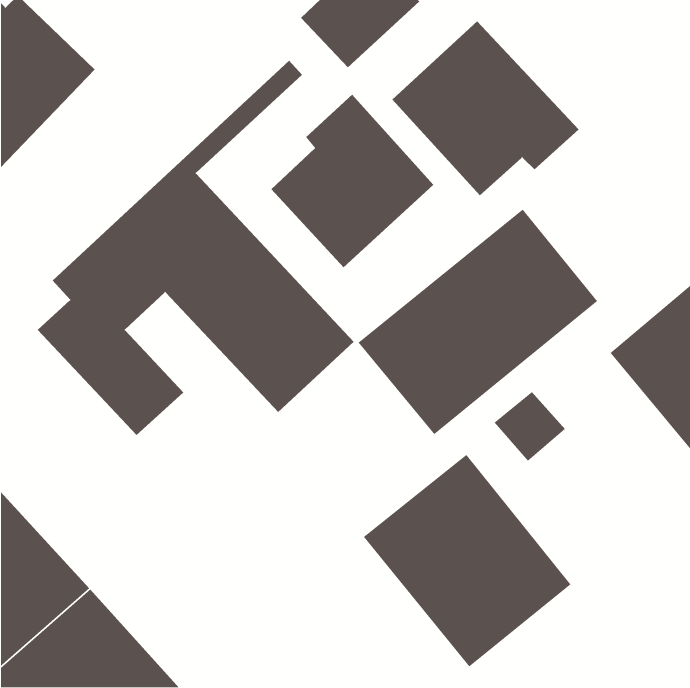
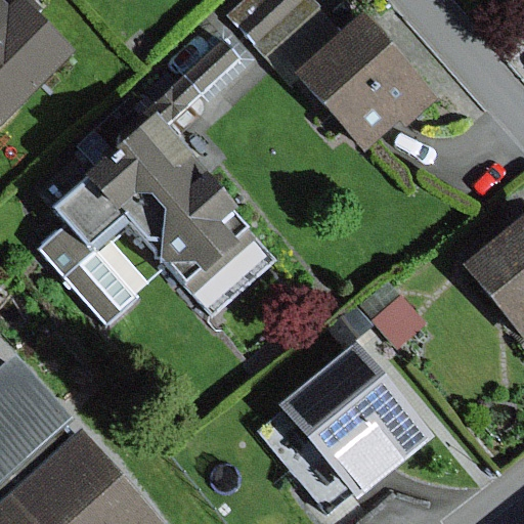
building: [270,94,434,268] -> none
building: [358,208,598,435] -> none

